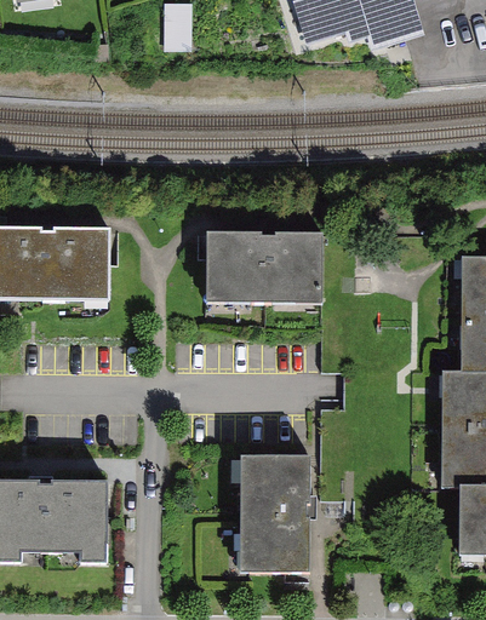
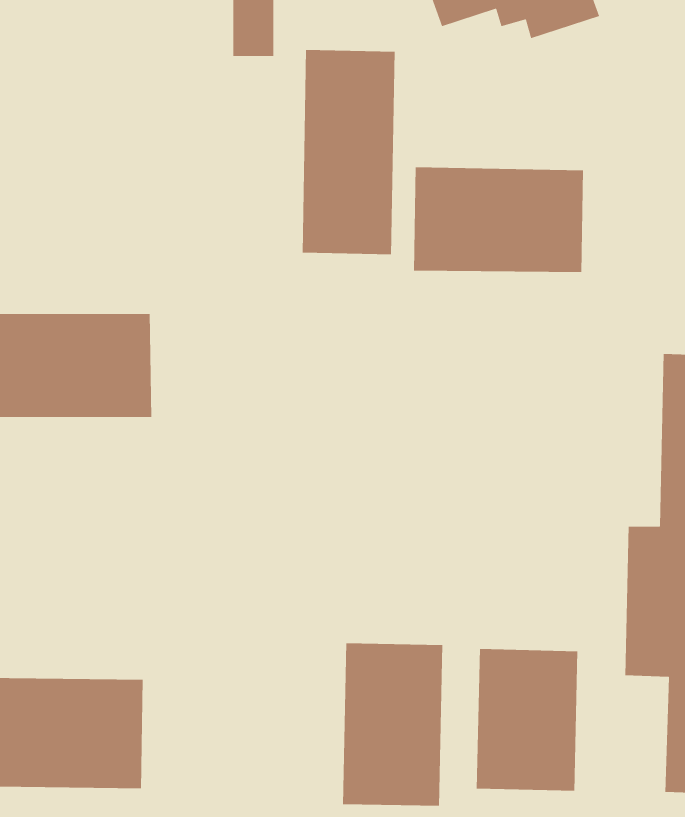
building: none -> [302,49,395,255]
building: [206,229,325,303] -> [413,166,584,273]
building: none -> [476,648,578,792]

